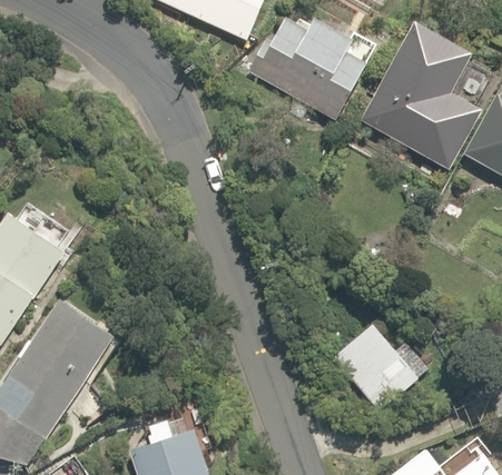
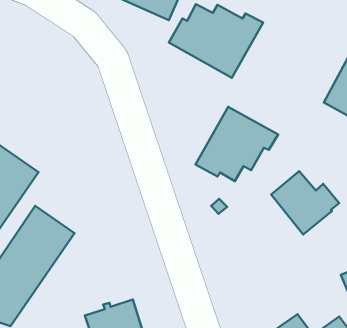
building: [360,22,482,170] -> none
building: none -> [196,107,278,181]
building: [333,324,427,412] -> [271,171,339,234]

